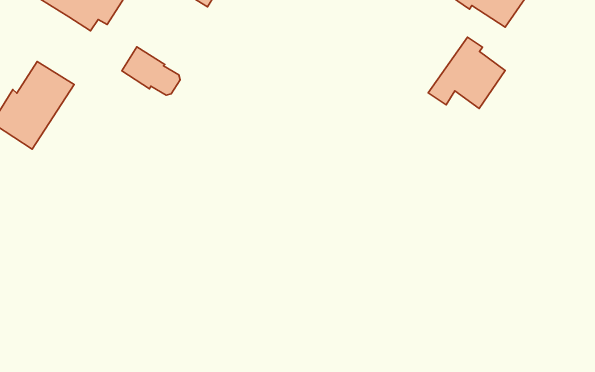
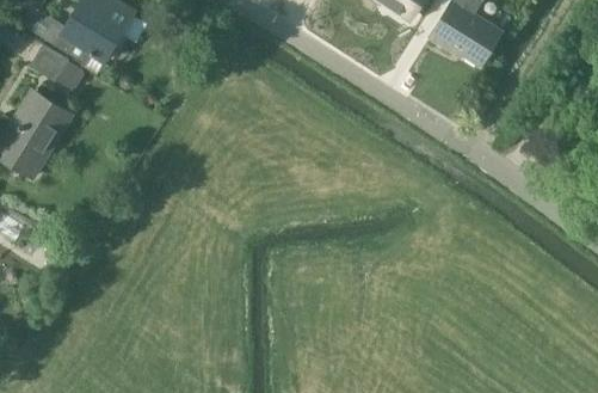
building: [428,37,505,108] -> none
building: [122,47,180,95] -> [30,43,85,88]

